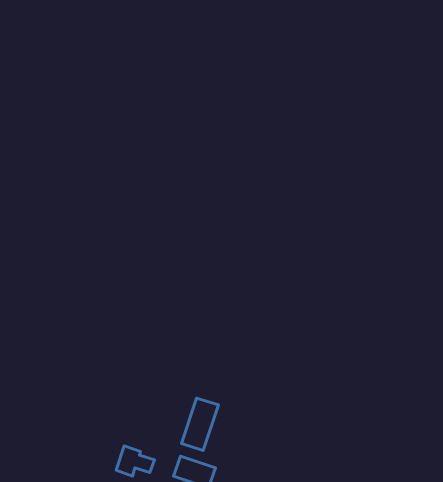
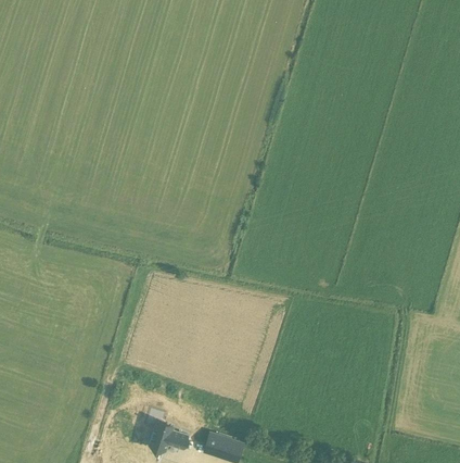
building: [181,398,218,450] -> none

